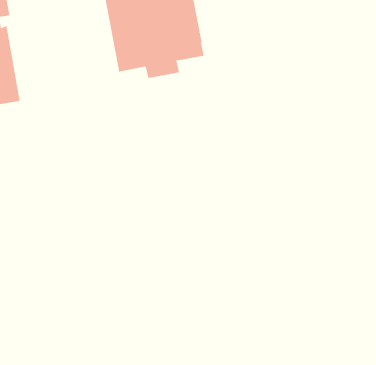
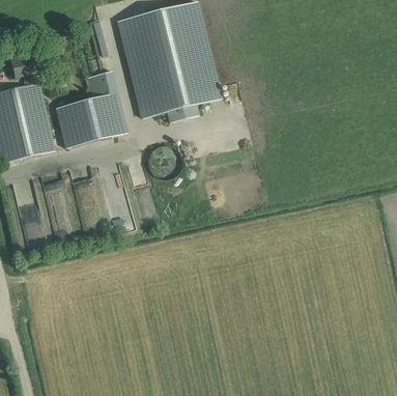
building: none -> [51,72,127,146]

